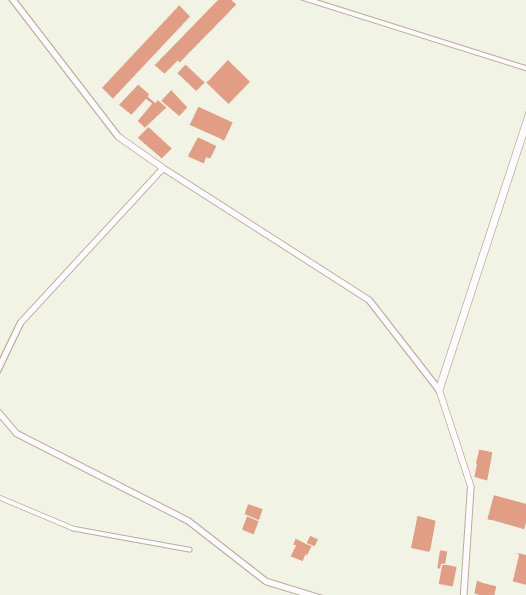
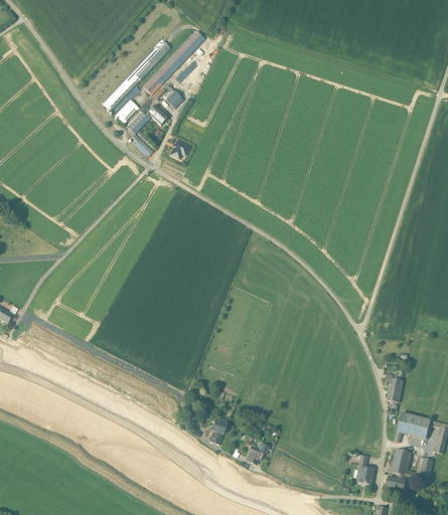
building: [205,59,251,105] -> none
building: [189,106,234,142] -> none
building: [410,515,436,552] -> [390,448,410,476]

